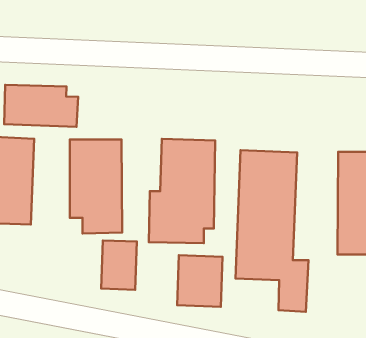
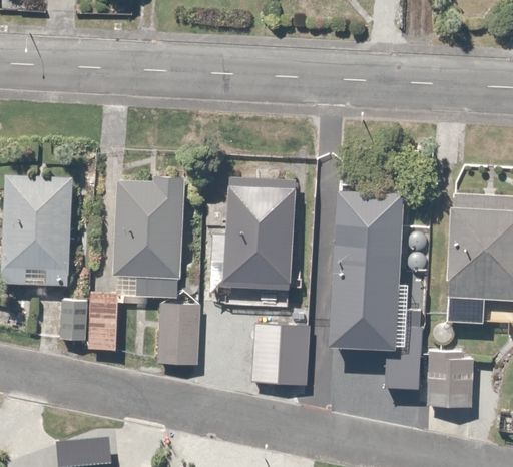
building: [4,85,78,127] -> none
building: none -> [52,291,119,352]
building: none -> [423,351,474,406]

